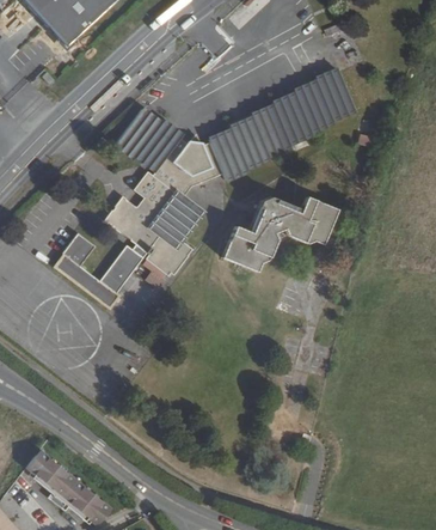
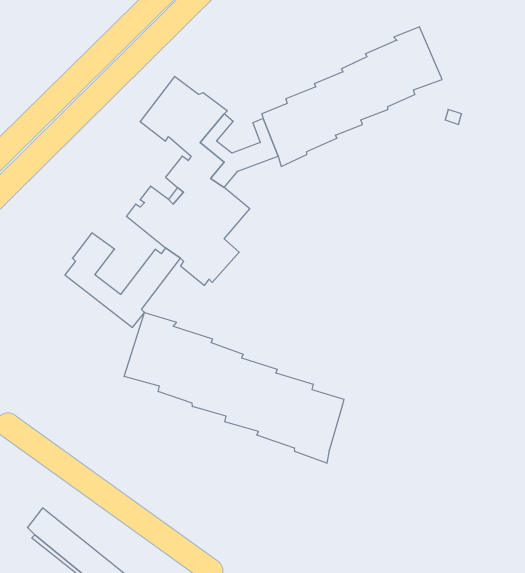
building: [177,129,211,167] -> none
building: [222,195,339,270] -> none
building: none -> [124,312,344,463]

